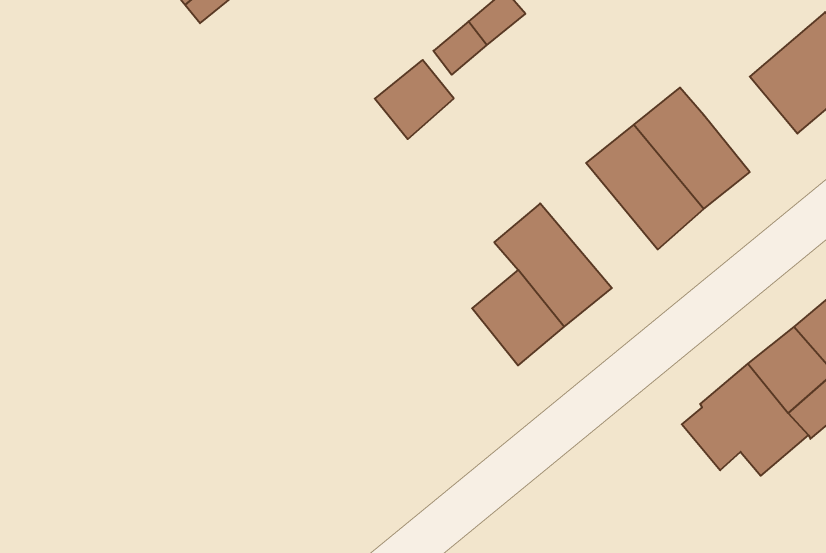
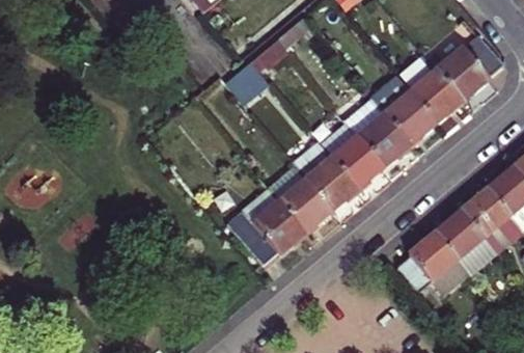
building: none -> [410,69,463,123]
building: none -> [318,117,384,188]
building: none -> [227,187,305,265]

